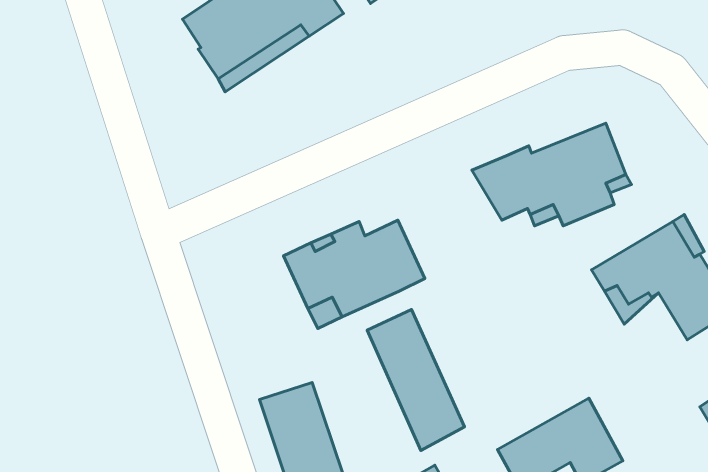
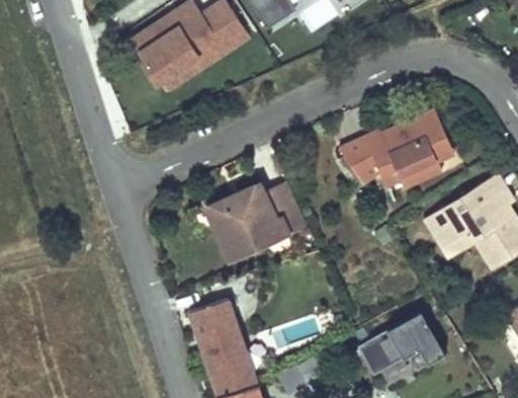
building: [367,310,464,450] -> none

